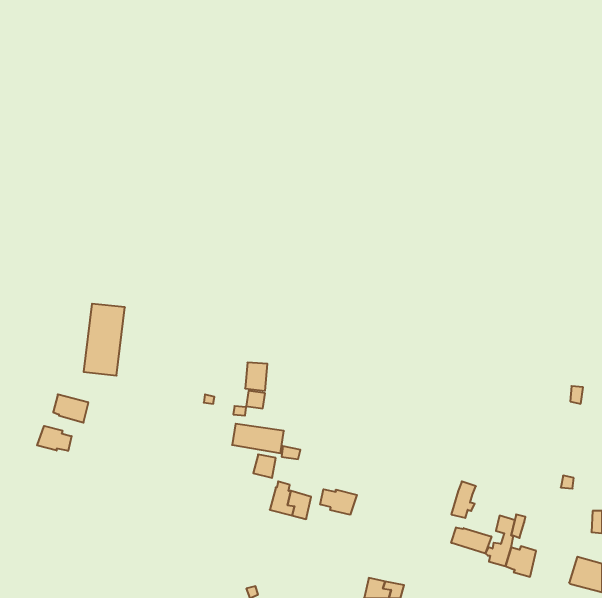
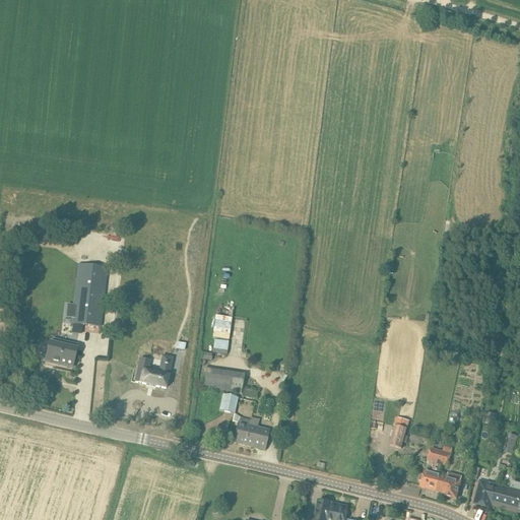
building: none -> [135,356,171,387]
building: [37,426,72,451] -> none
building: [320,489,357,515] -> none
building: [451,527,491,554] -> none
building: none -> [474,476,498,507]

